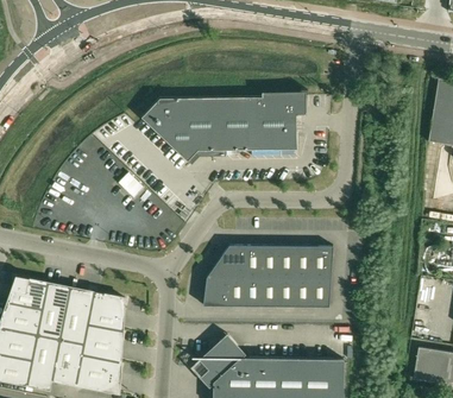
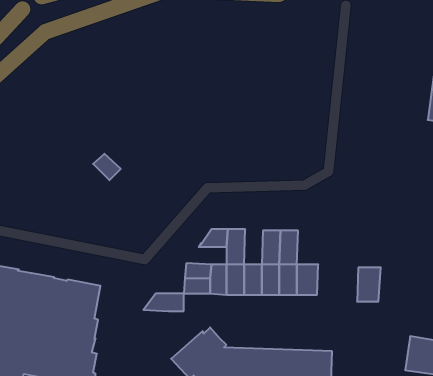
building: [141,91,307,162] -> none
building: [260,245,278,278] -> none
building: [310,246,333,278] -> [357,268,381,302]
building: [206,261,244,278] -> [143,293,184,311]

